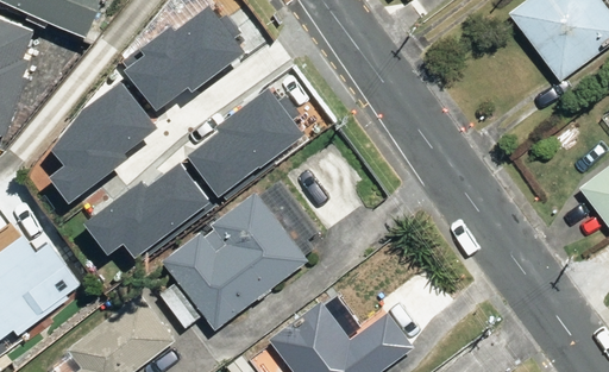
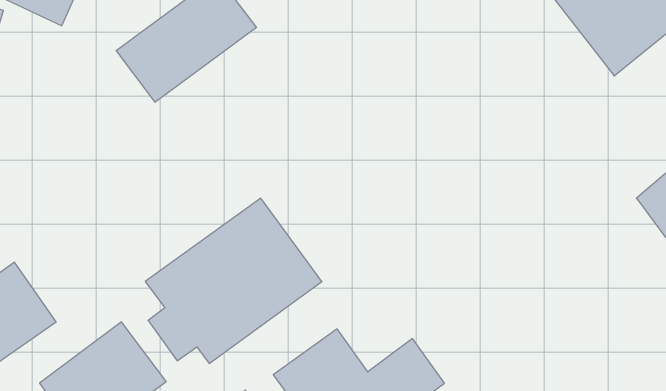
building: [51,80,155,174] -> none
building: [196,84,309,185] -> none
building: [93,159,208,259] -> none

